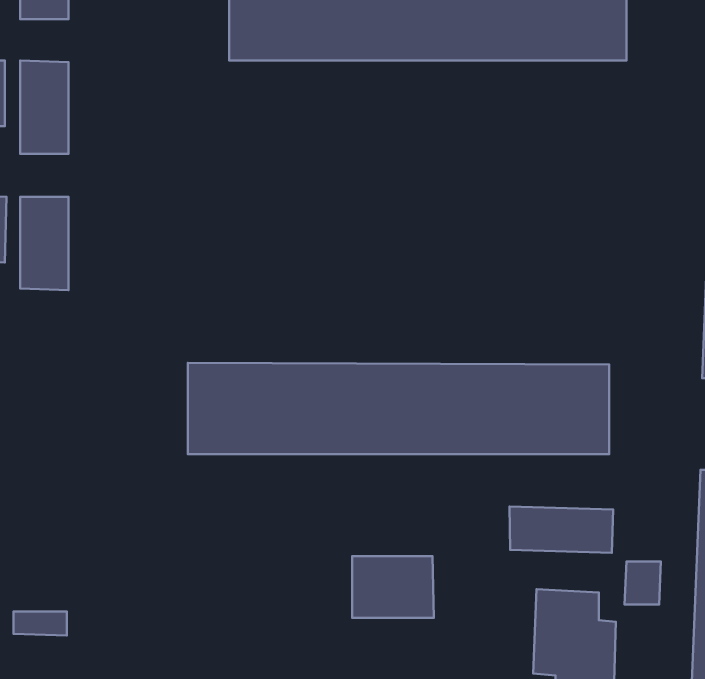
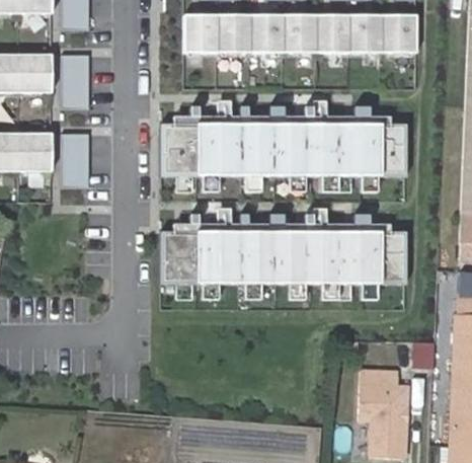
building: none -> [160,123,406,176]
building: [509,506,613,553] -> none
building: [352,556,434,618] -> none

